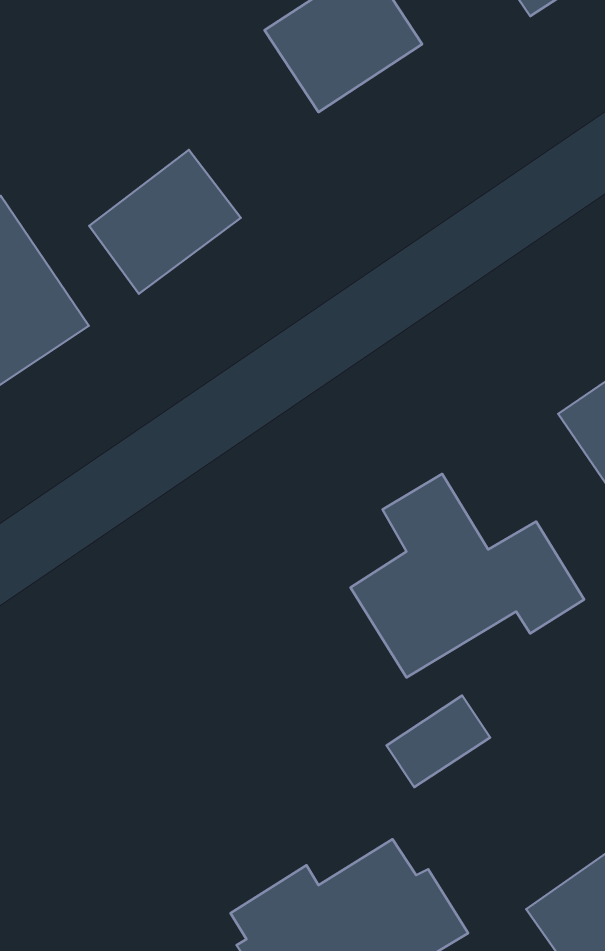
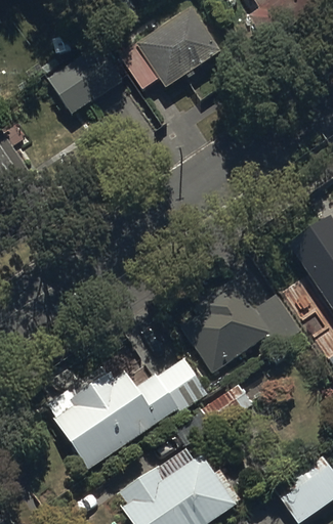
building: [89,150,241,294] -> [43,40,121,114]
building: none -> [49,359,208,472]

